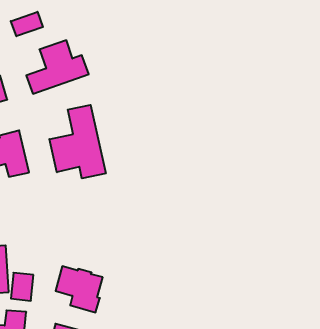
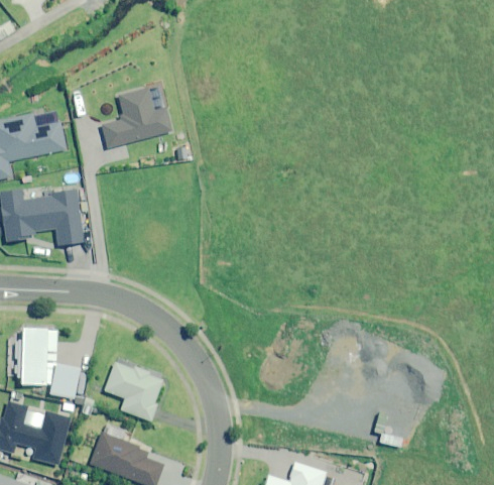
building: [11,12,43,36] -> none
building: [49,105,106,178] -> none

